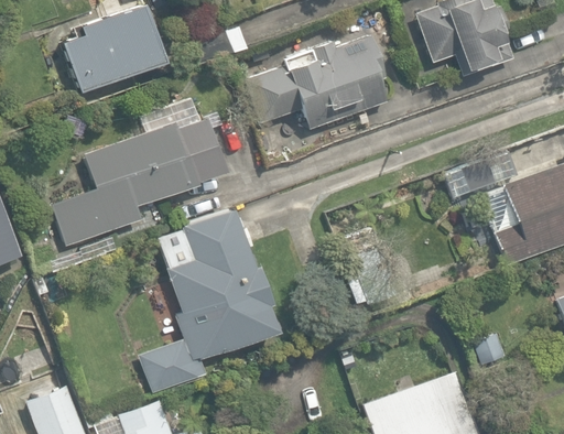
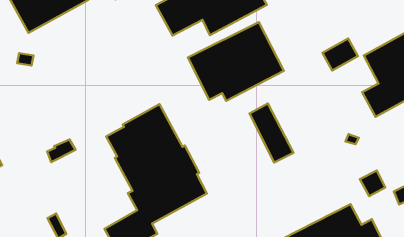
building: [53,112,231,243] -> none
building: none -> [188,22,284,101]

